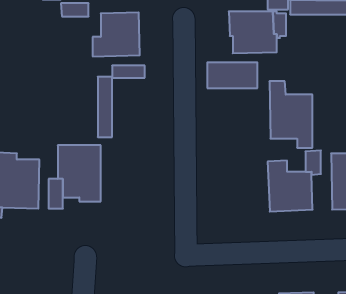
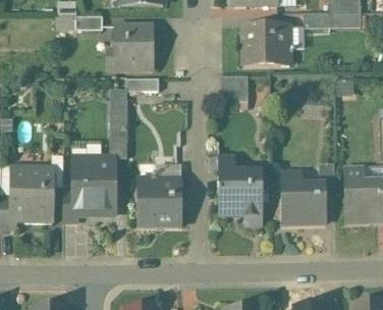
building: [269,81,312,148] -> [218,158,261,224]
building: none -> [136,175,180,225]

